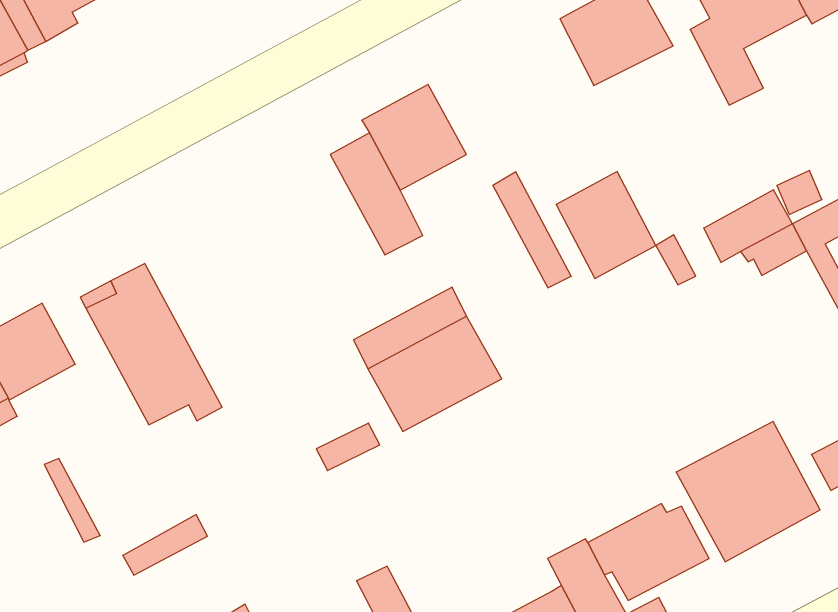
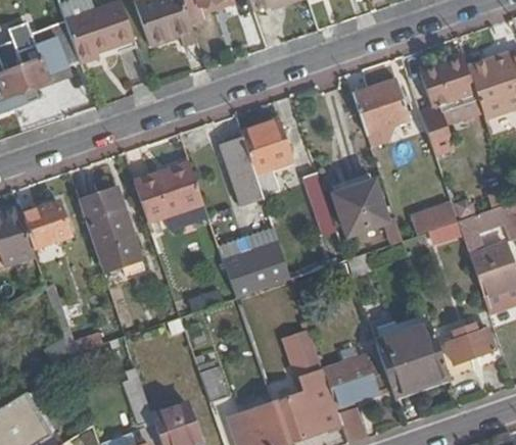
building: none -> [134,161,201,219]
building: none -> [287,332,323,394]

